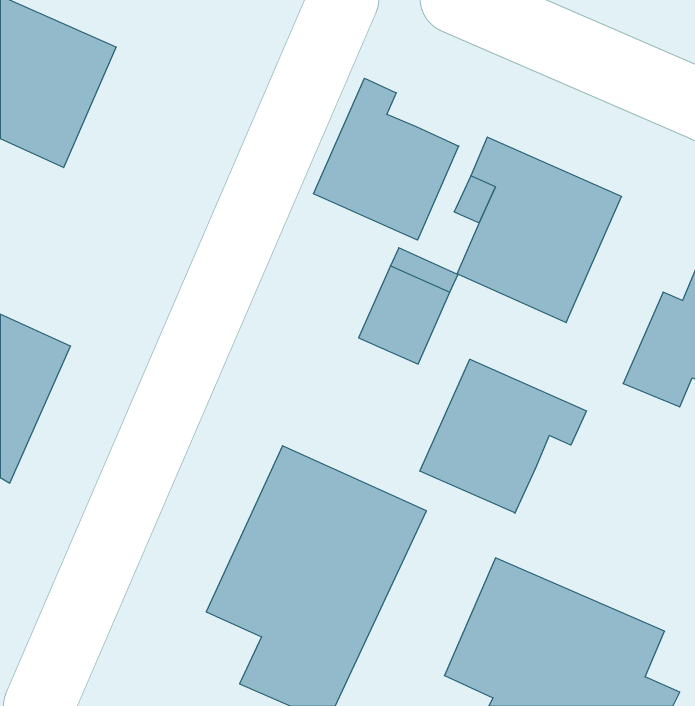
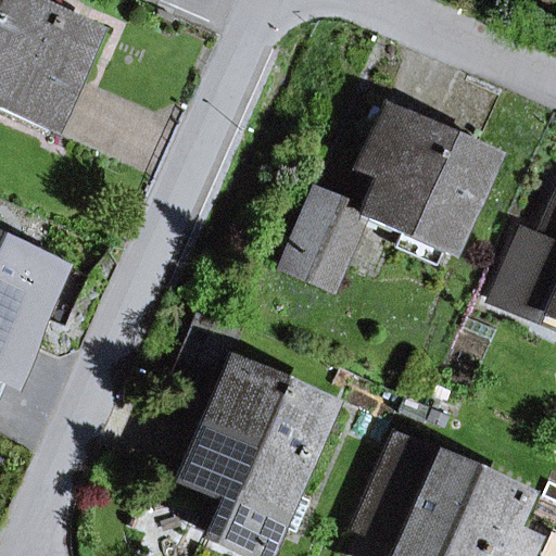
building: [314,78,459,240] -> none
building: [420,359,587,513] -> none

